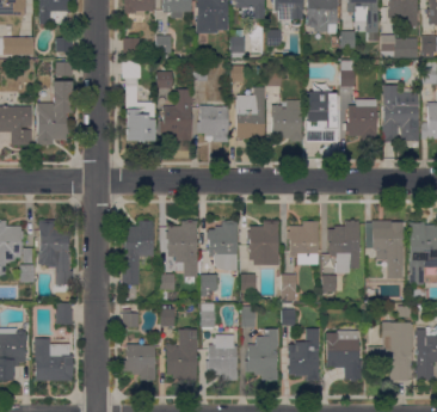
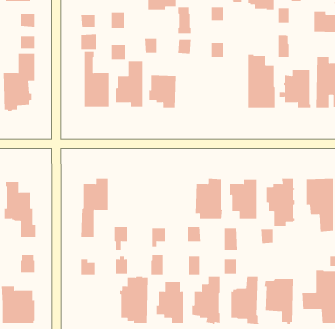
building: [236,87,265,143] -> none
building: [272,100,303,142] -> none
building: [207,220,239,271] -> none
building: [166,221,198,277] -> none
building: [124,344,156,382] -> none

